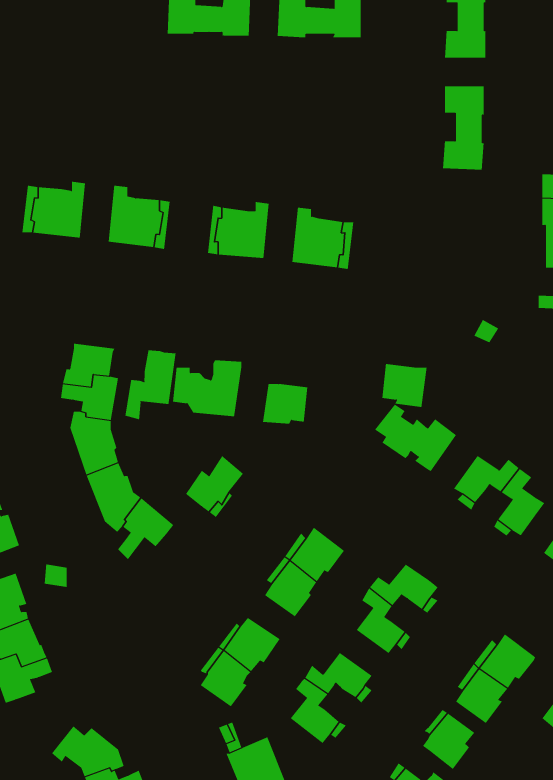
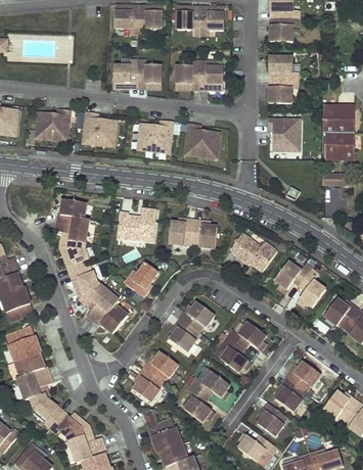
building: none -> [114,64,161,89]
building: none -> [175,65,222,90]
building: none -> [268,118,300,146]
building: [125,350,176,420] -> none
building: [382,363,428,407] -> [191,224,217,248]
building: none -> [93,306,127,333]
building: none -> [31,392,62,427]

